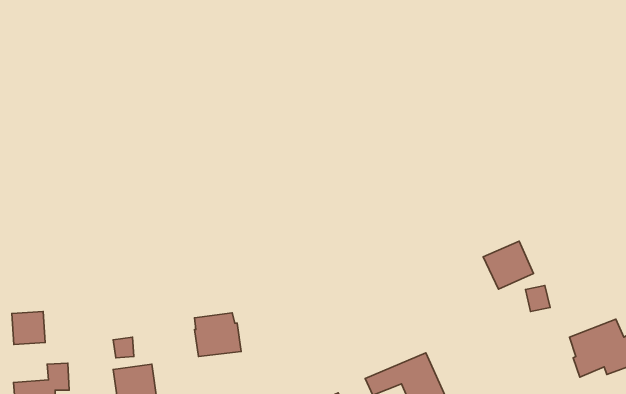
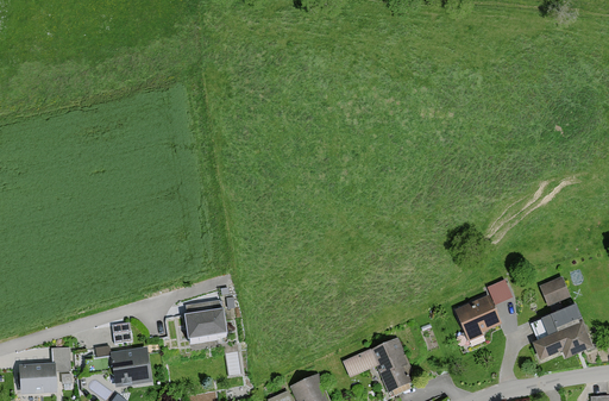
building: [483,241,533,289] -> [454,294,501,338]
building: none -> [539,276,569,306]
building: [12,311,45,345] -> none

